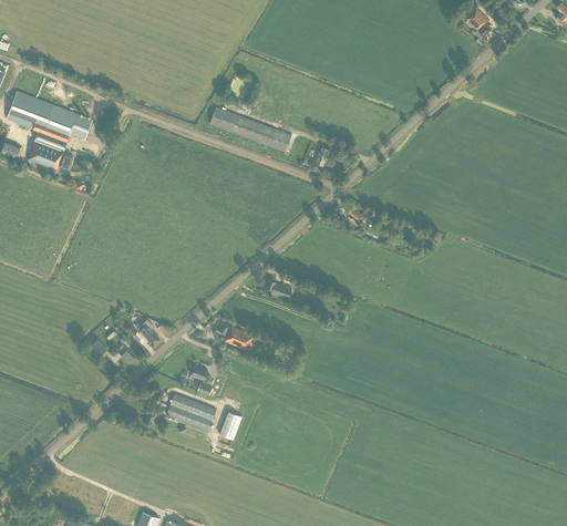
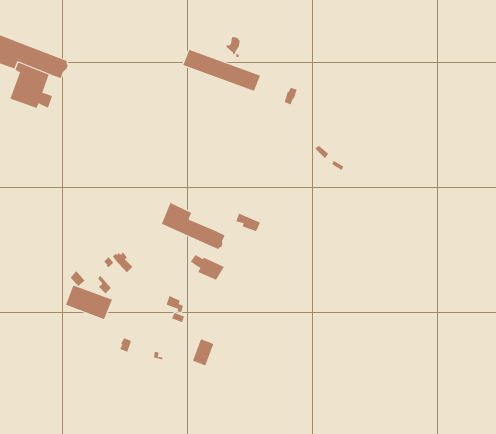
building: none -> [161,202,225,250]
building: [166,392,216,429] -> [65,285,113,320]

